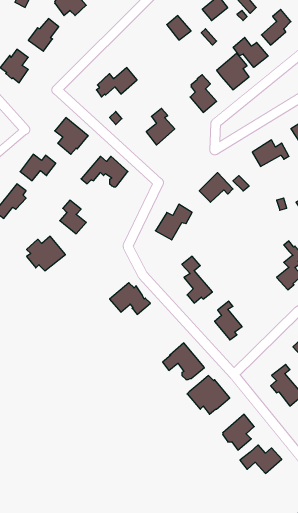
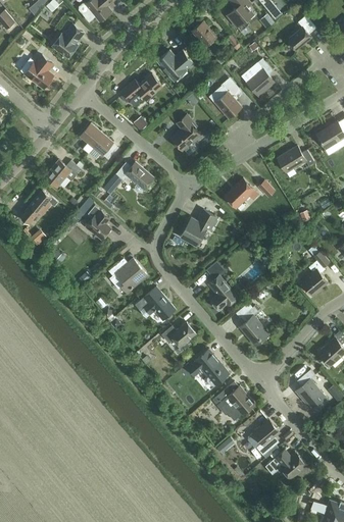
building: [233,37,268,67] -> none
building: none -> [156,49,193,80]
building: [27,236,65,271] -> [108,257,147,292]
building: none -> [161,321,195,346]

